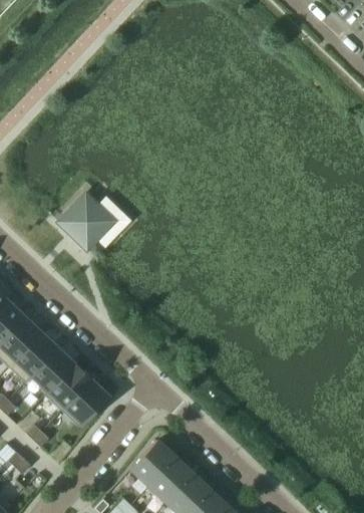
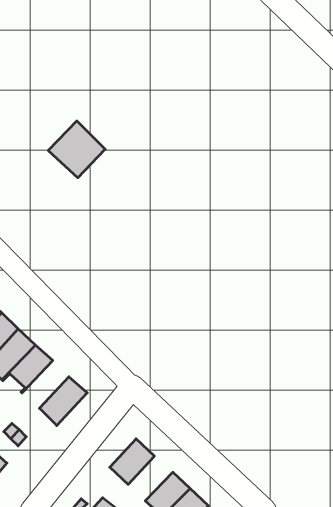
building: [58,193,114,249] -> [48,121,105,178]
building: [45,362,91,410] -> none
building: [149,457,194,501] -> none

